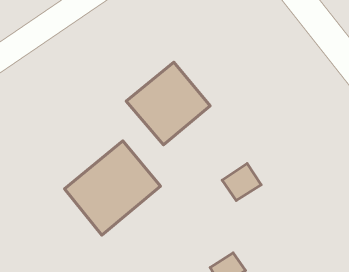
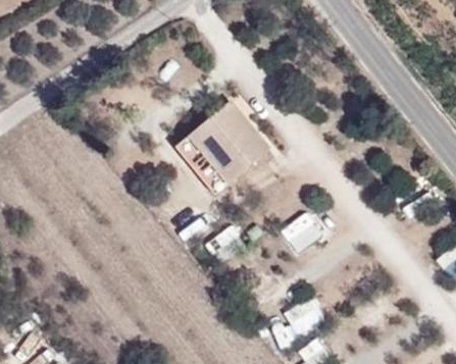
building: [65,141,161,235] -> none

